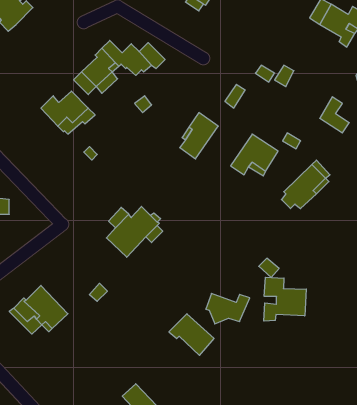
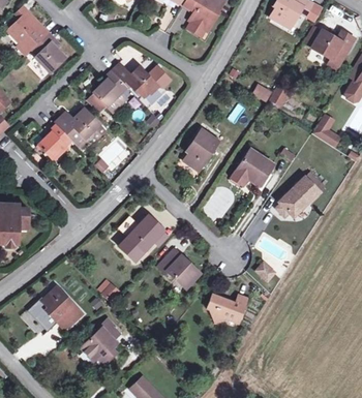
building: none -> [34,33,66,72]
building: none -> [39,125,72,160]
building: [264,277,306,321] -> none
building: [169,314,214,355] -> [159,250,201,288]
building: none -> [82,319,120,367]

